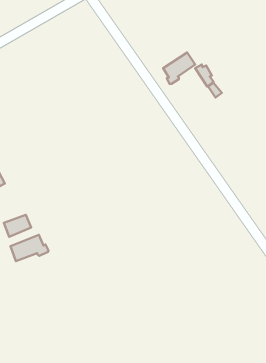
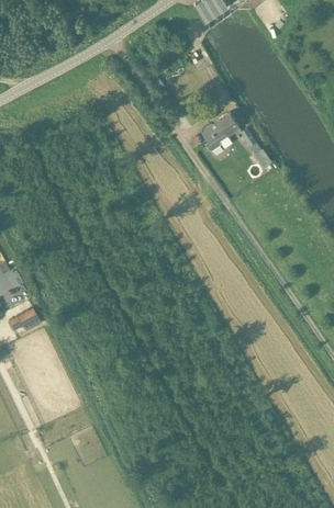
building: [11,235,49,261] -> none

